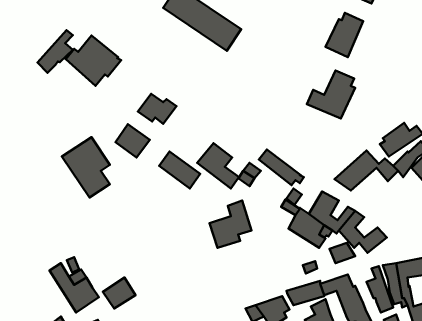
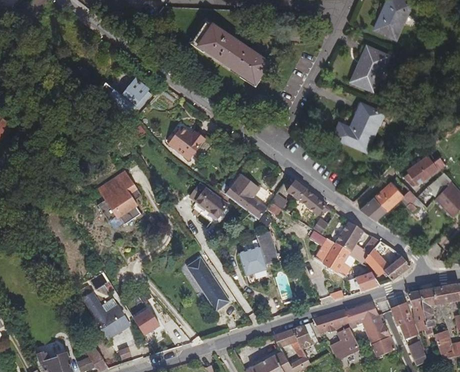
building: [38,30,73,73] -> none
building: [116,124,150,158] -> none
building: none -> [187,257,230,310]

